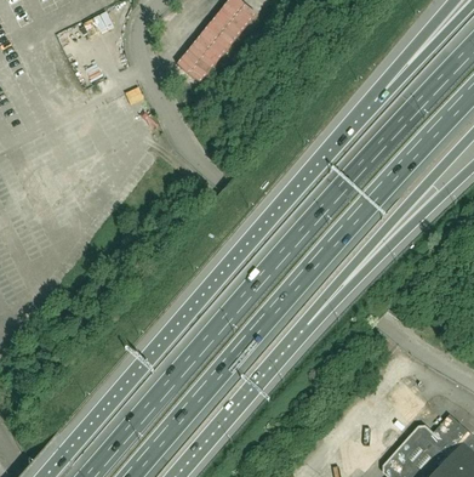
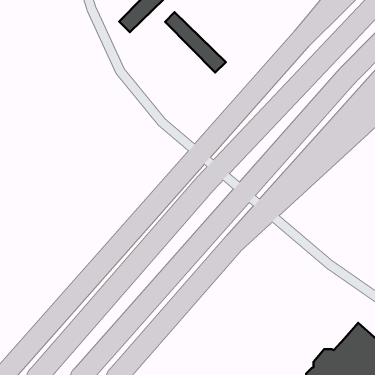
building: none -> [165,12,226,73]

